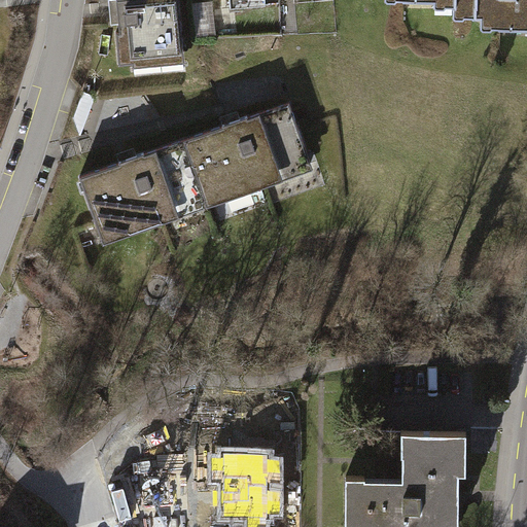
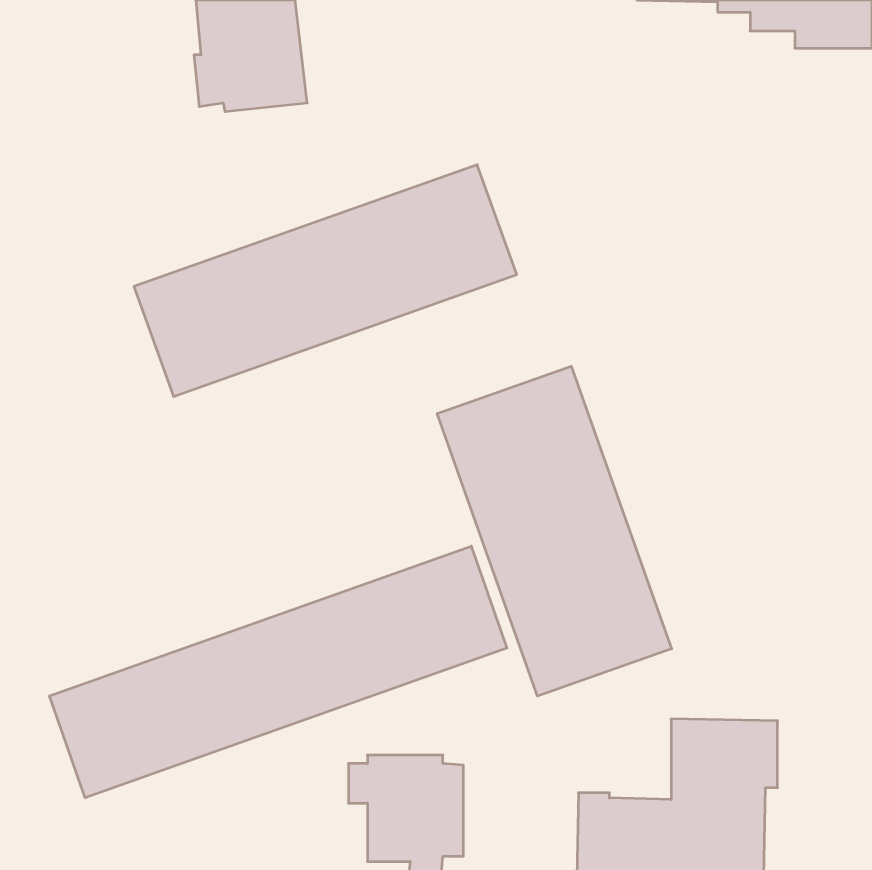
building: none -> [437,366,672,696]
building: none -> [50,546,507,798]

